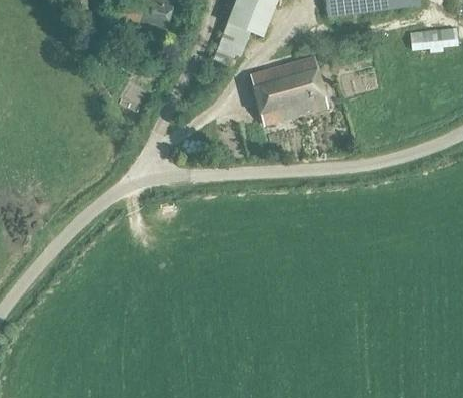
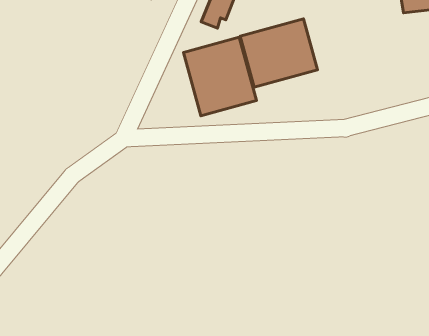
building: none -> [184,37,256,116]

